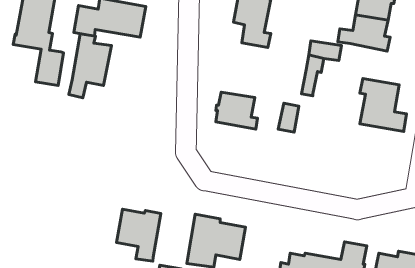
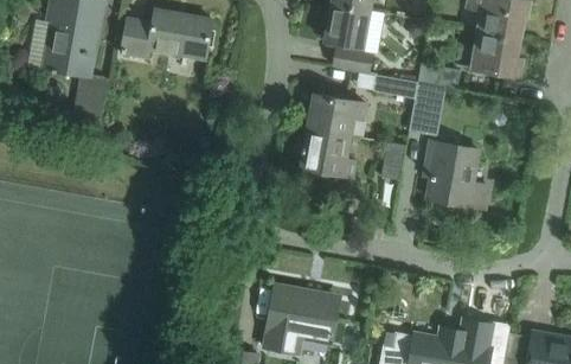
building: [69,34,112,98] -> none
building: none -> [374,74,421,100]
building: none -> [309,92,366,135]
building: [360,78,407,131] -> [429,140,488,207]
building: [116,209,161,261] -> none

